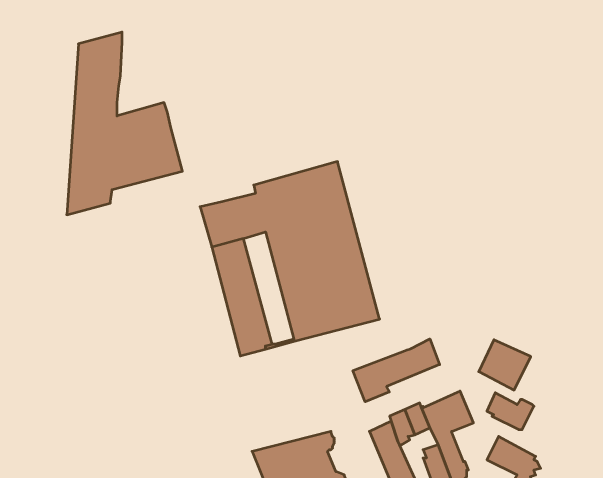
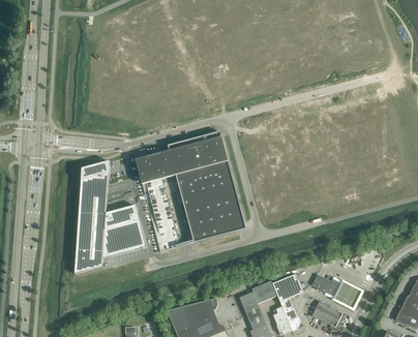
building: [67,32,182,215] -> [76,160,147,273]
building: [353,339,440,402] -> none
building: [479,340,531,390] -> [332,278,364,309]

